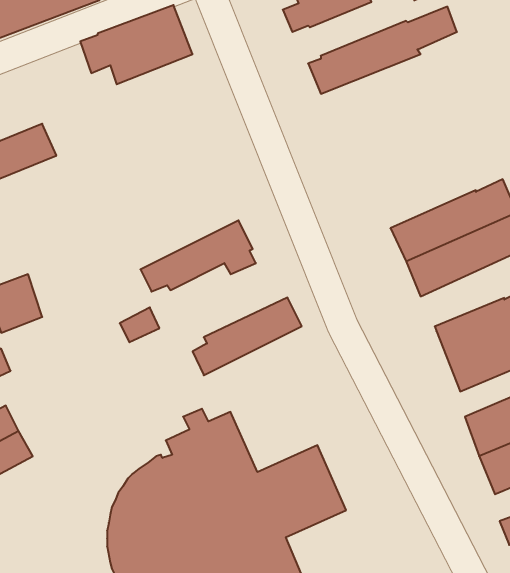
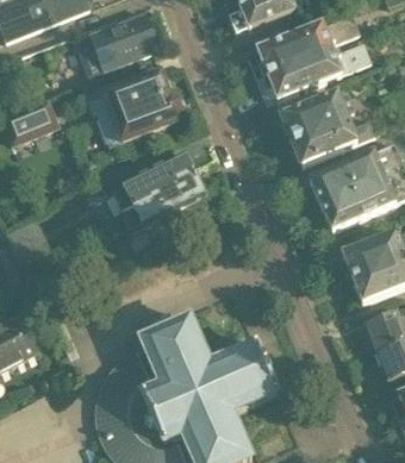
building: none -> [257,42,372,101]
building: none -> [88,73,183,146]
building: none -> [281,93,375,165]
building: [193,298,302,375] -> [113,152,195,211]

